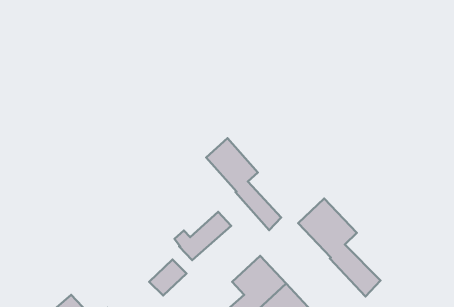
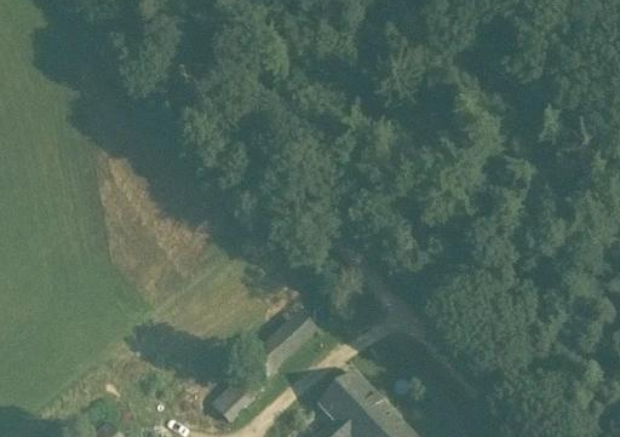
building: [206,138,281,230] -> none
building: [298,198,380,296] -> none

